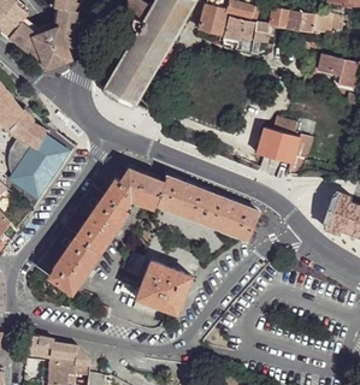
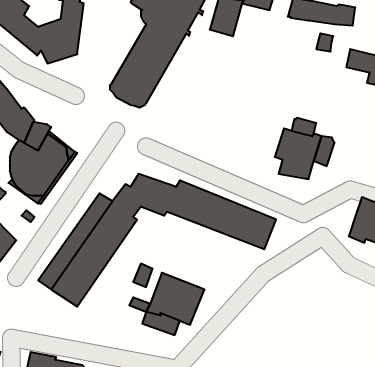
building: [222,16,271,55] -> none

